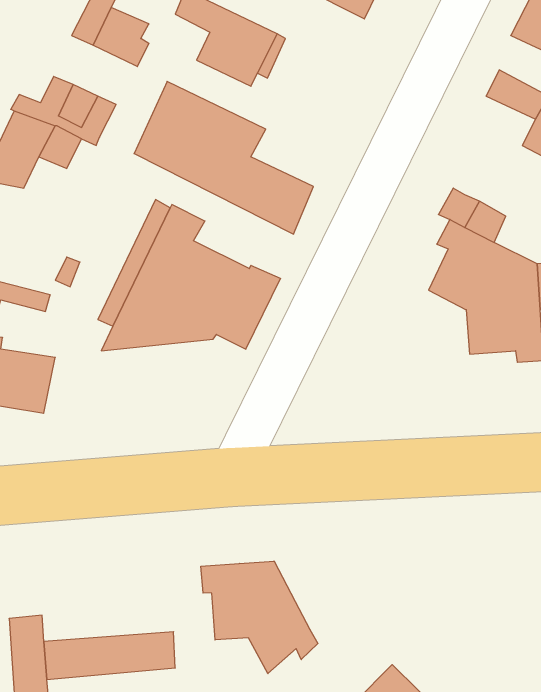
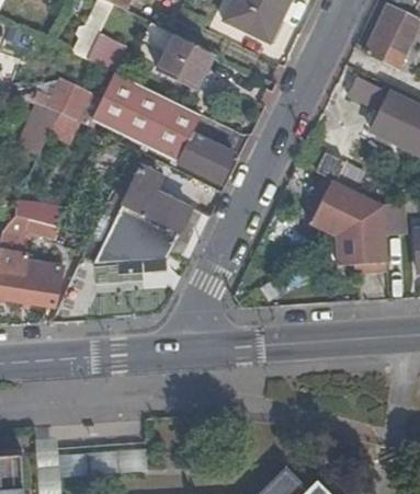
building: none -> [92,72,137,131]
building: [201,561,318,674] -> none

